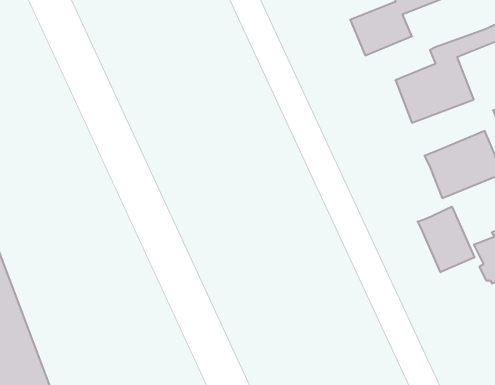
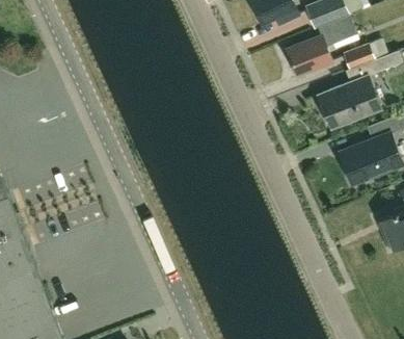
building: none -> [343,41,386,70]
building: [418,207,475,272] -> none

